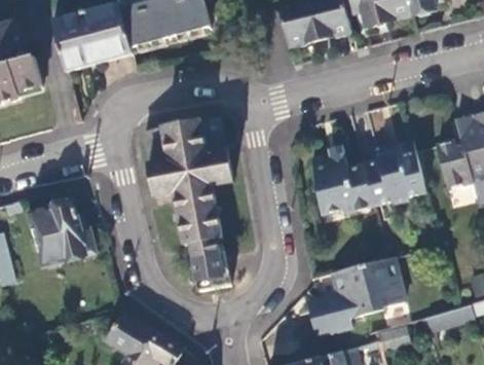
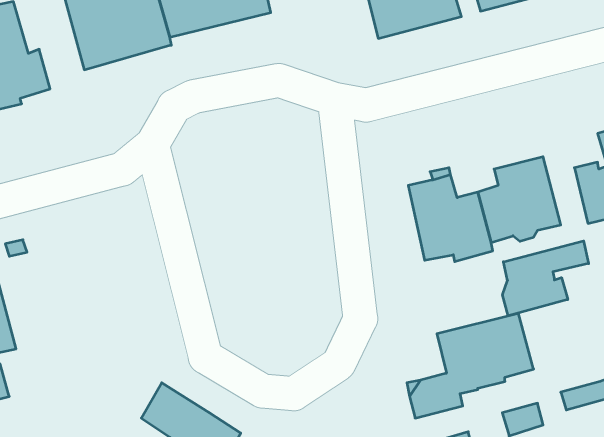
building: [143,116,231,288] -> none
building: none -> [503,241,589,316]
building: [28,200,96,264] -> none

